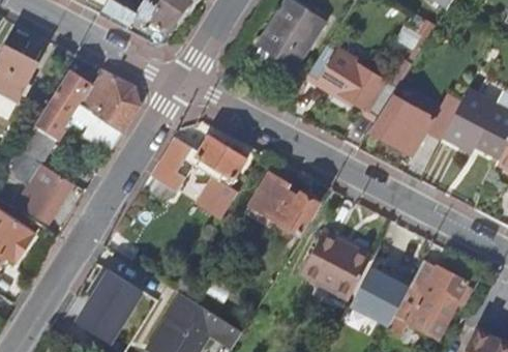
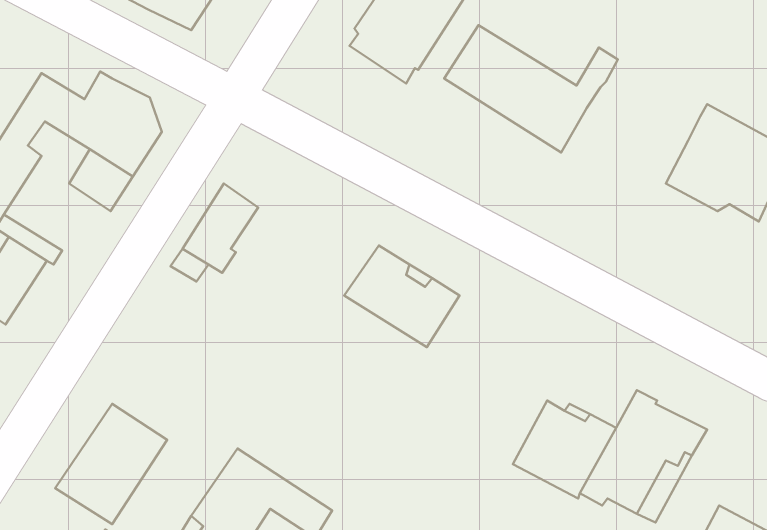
building: [370,89,464,156] -> none
building: [196,138,247,200] -> none
building: [300,232,369,300] -> none

